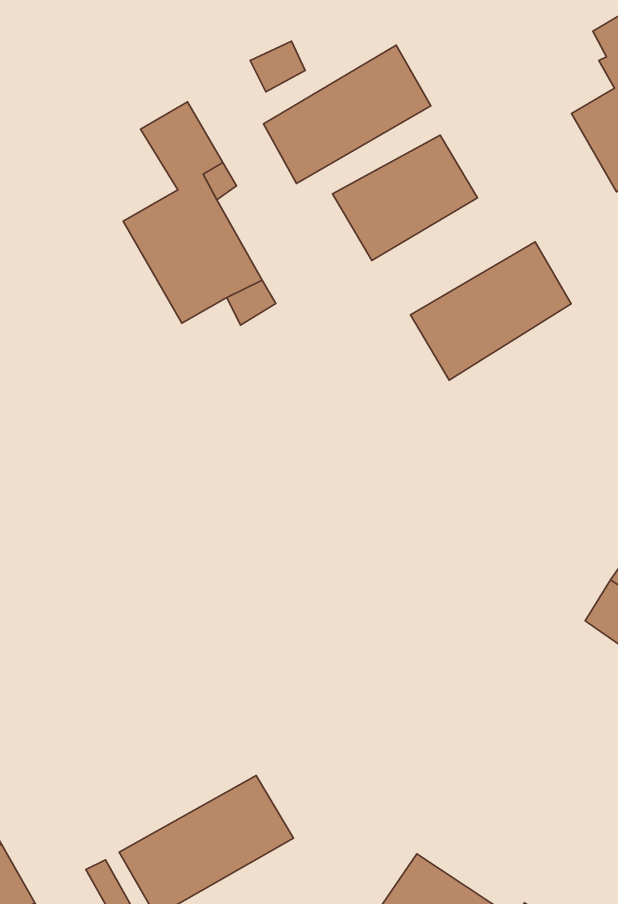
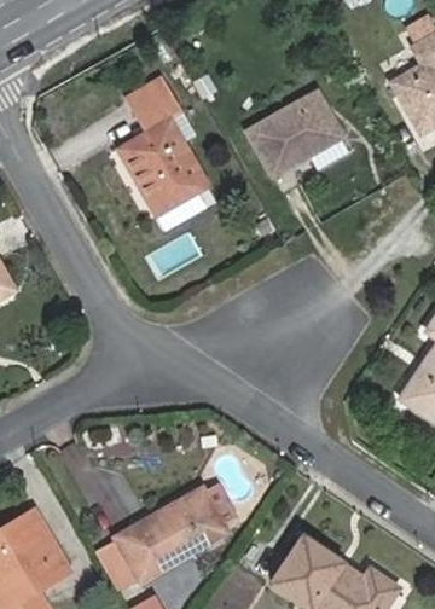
building: [263,45,431,183] -> none
building: [411,242,571,380] -> none

